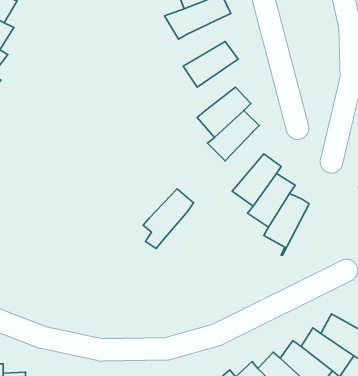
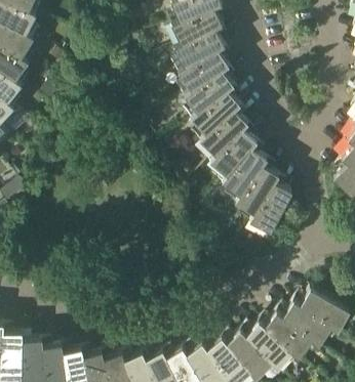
building: none -> [175,31,224,70]
building: none -> [185,73,233,114]
building: [143,189,194,248] -> [211,131,255,183]

